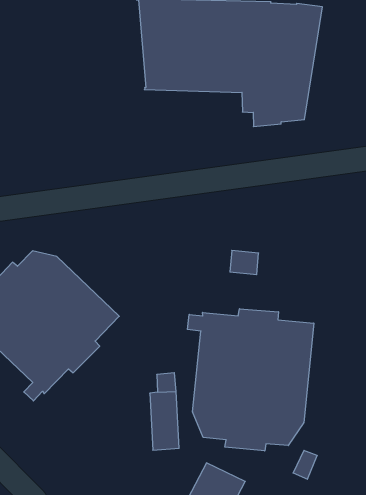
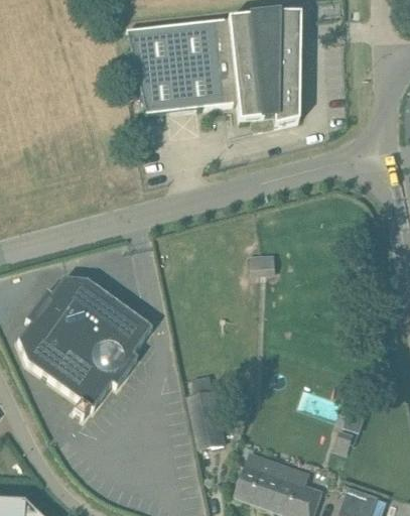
building: [187,309,314,451] -> none

